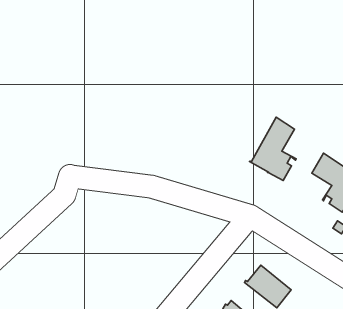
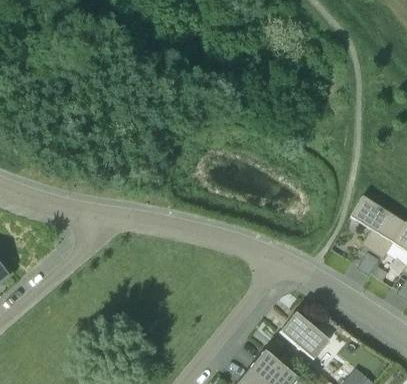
building: [249,117,296,181] -> none

